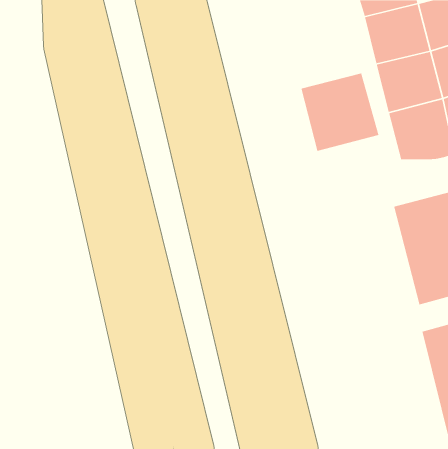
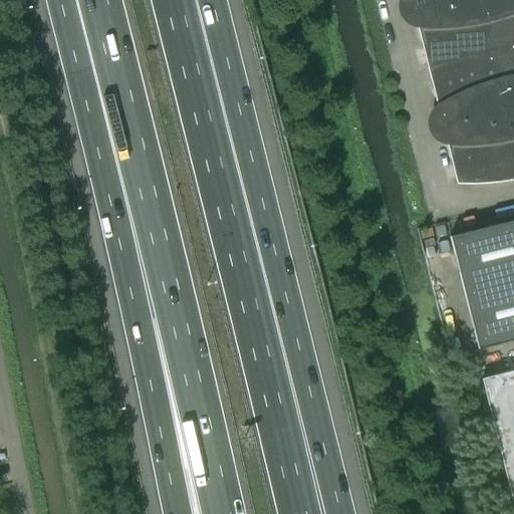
building: [301,73,379,152] -> none

